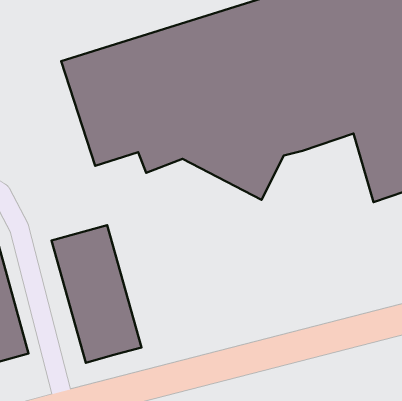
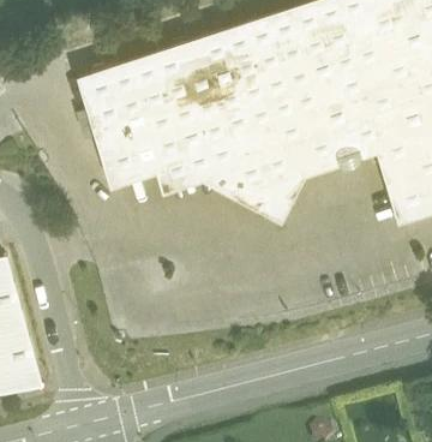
building: [52,225,141,363] -> none

